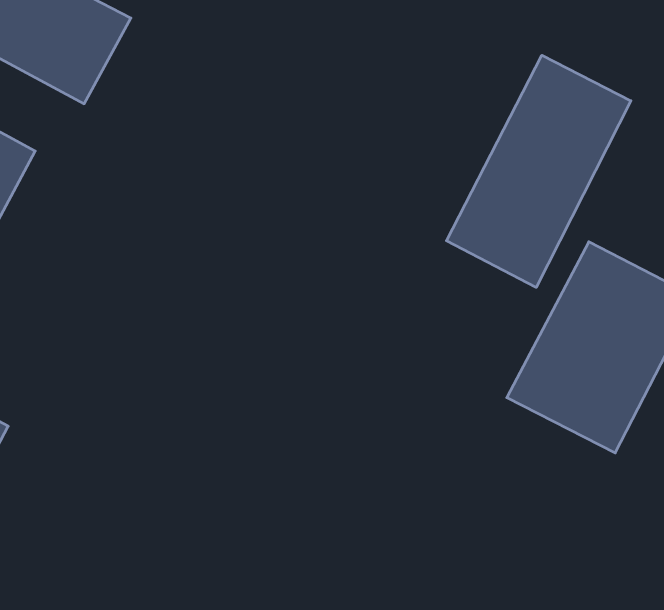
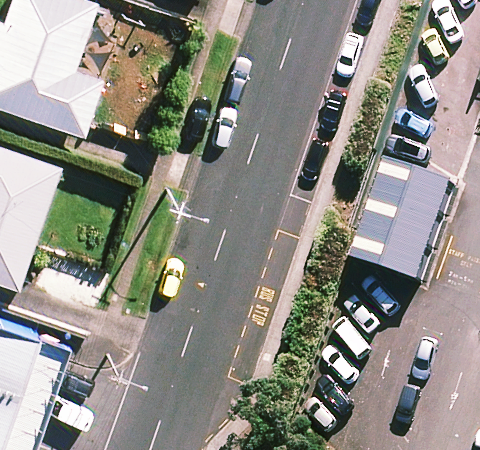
building: [446,55,631,287] -> none

